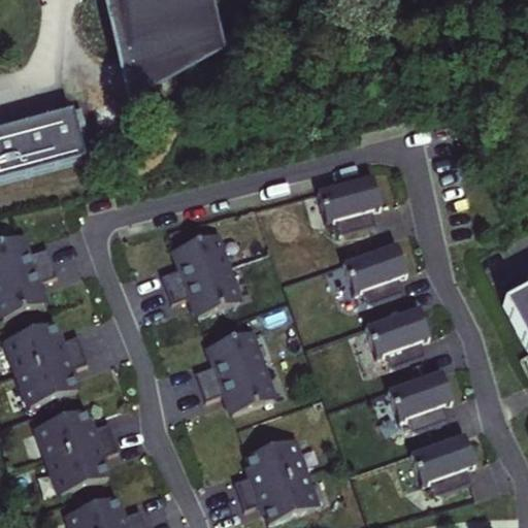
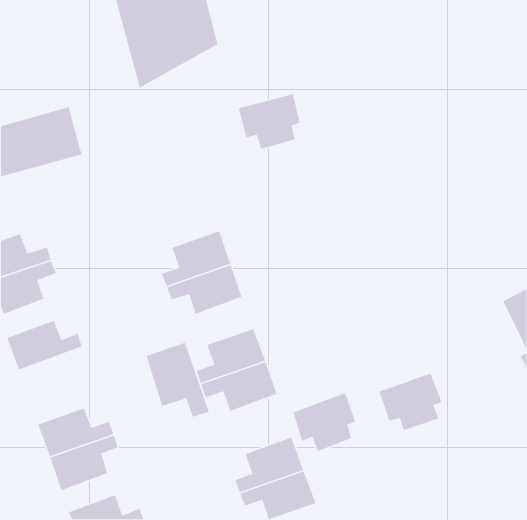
building: [307,177,370,234] -> [238,93,301,150]
building: [333,244,397,304] -> none
building: [356,308,420,368] -> [292,392,356,452]
building: none -> [145,342,210,418]
building: [19,346,89,403] -> none
building: [401,436,466,495] -> none

